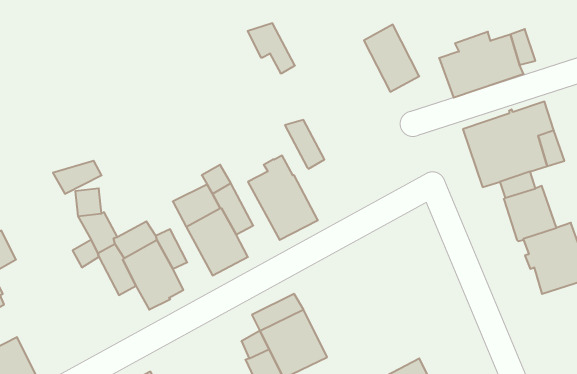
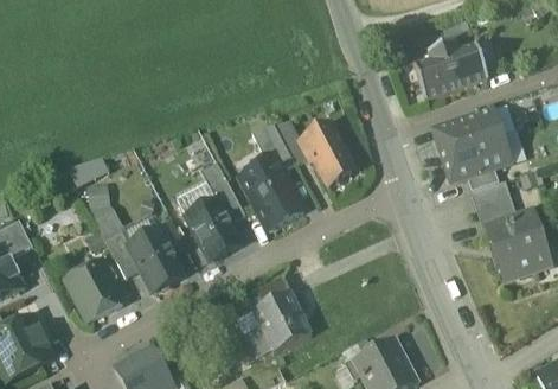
building: [248,23,295,73] -> [251,125,294,170]
building: [364,25,419,92] -> [304,125,354,185]
building: none -> [66,261,122,319]

